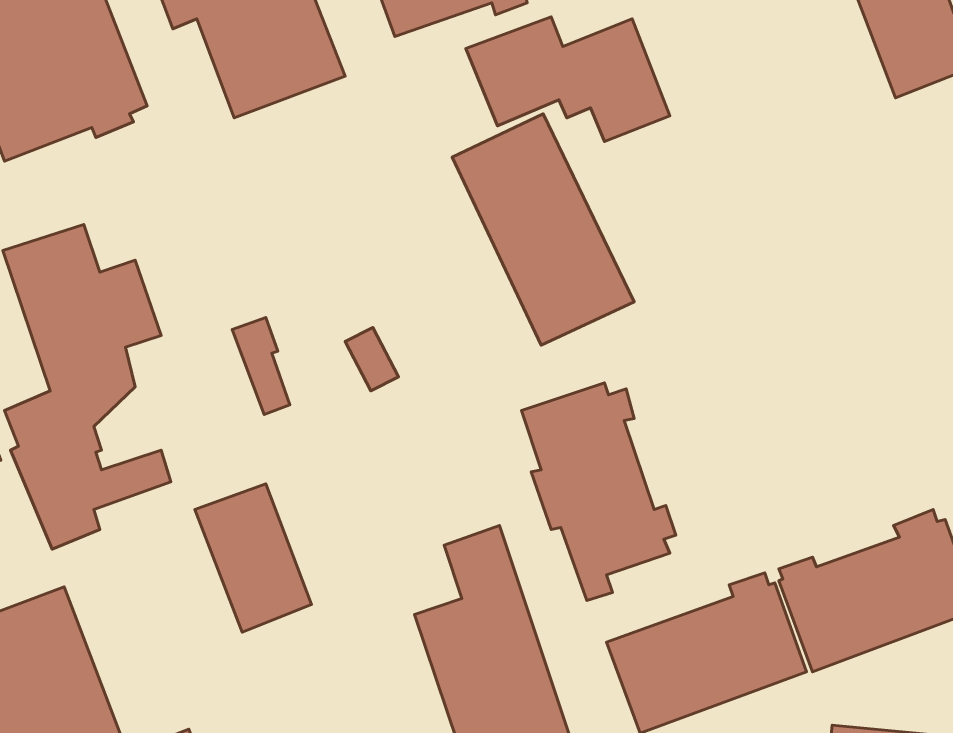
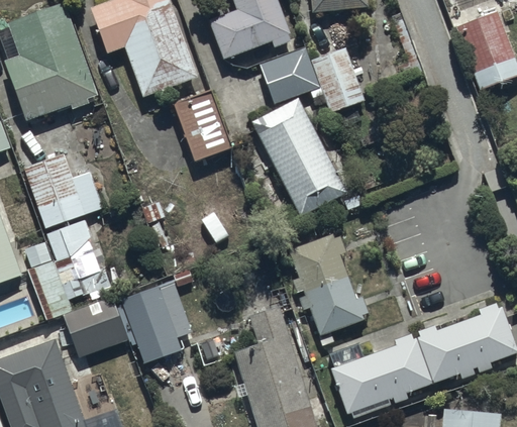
building: none -> [173,91,232,162]
building: none -> [63,298,128,359]

